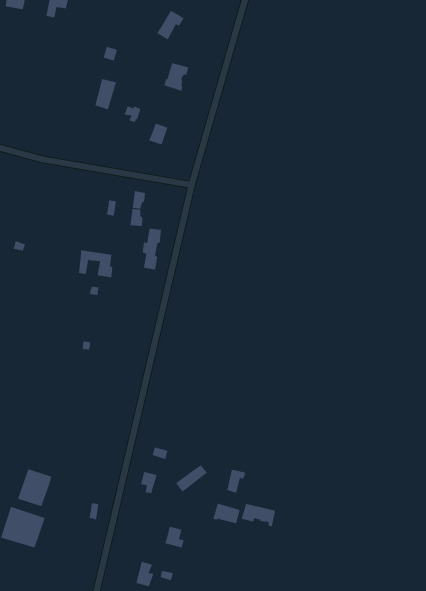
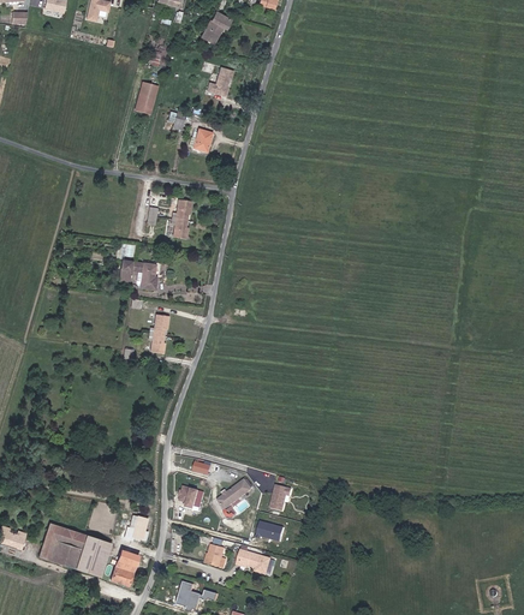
building: [142,228,162,270] -> [148,312,168,356]
building: [17,468,52,507] -> [75,536,111,575]
building: [241,504,276,527] -> [238,550,274,574]
building: none -> [111,549,138,585]

